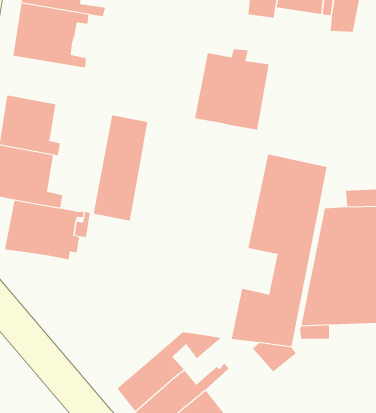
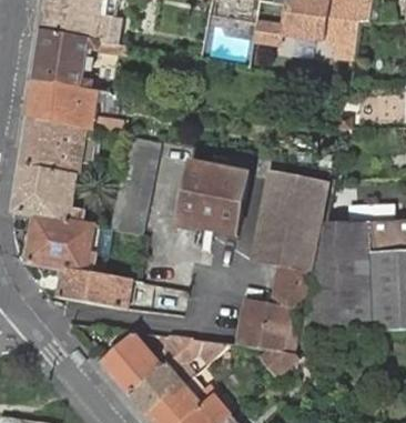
building: [194,49,270,130] -> [179,158,250,234]
building: none -> [26,79,99,129]
building: none -> [55,266,131,306]
building: none -> [101,331,191,392]

